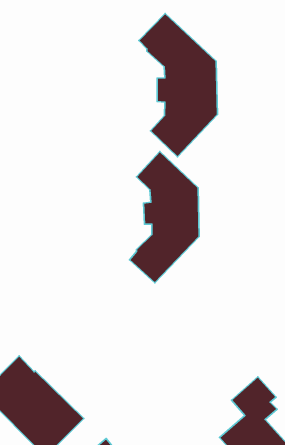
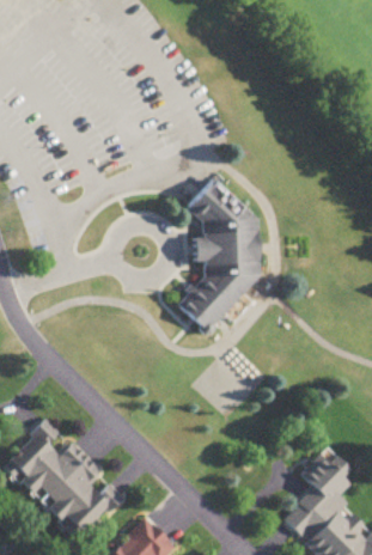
building: [139,13,218,157] -> none

